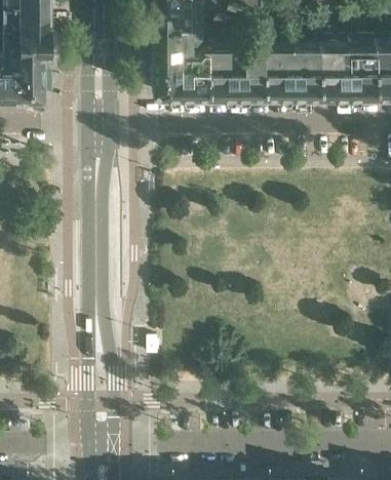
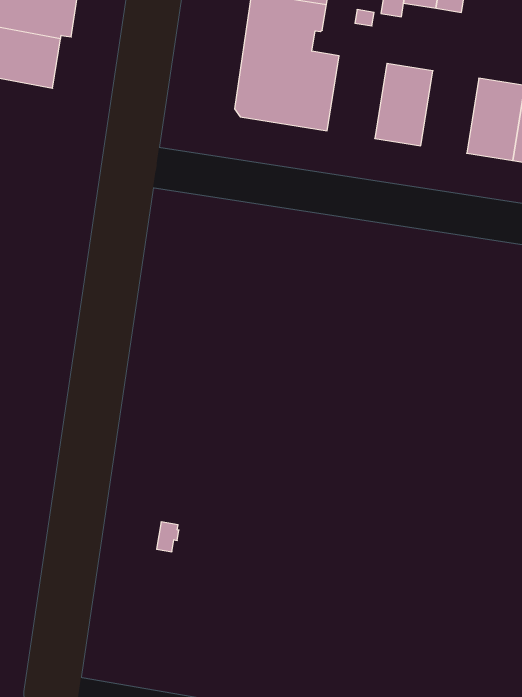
building: [210,56,239,102] -> none
building: [267,56,295,102] -> none

